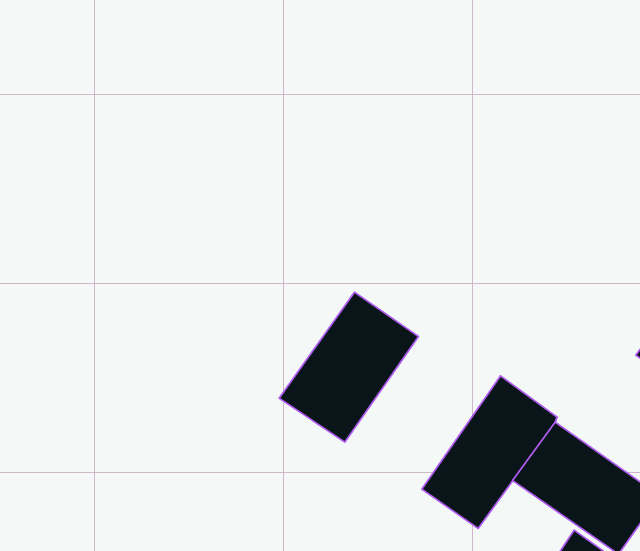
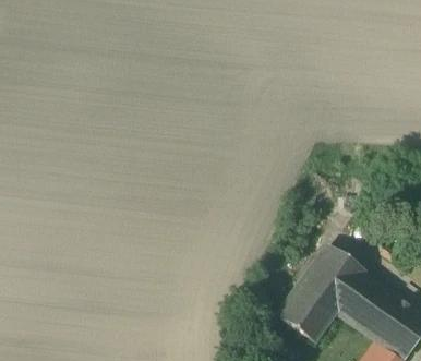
building: [279,292,419,442] -> none

